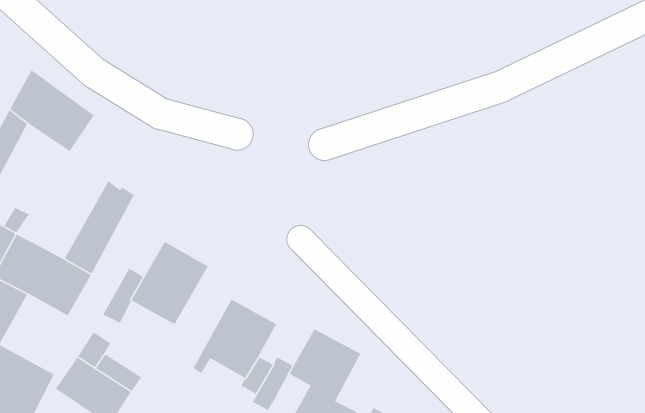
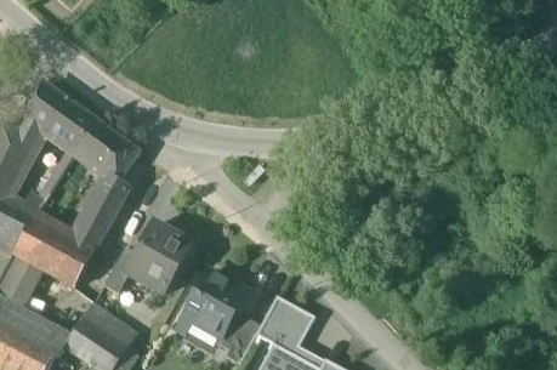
building: none -> [76,120,140,181]

